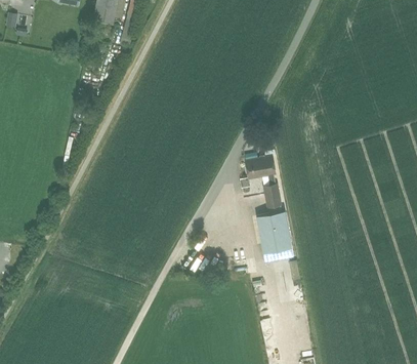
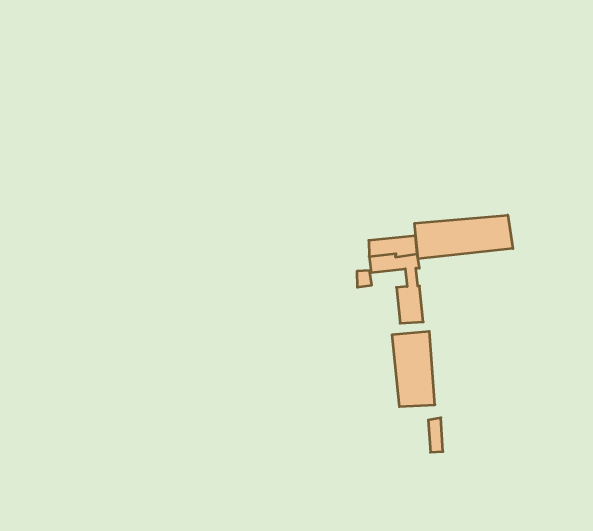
building: none -> [415,215,513,259]

